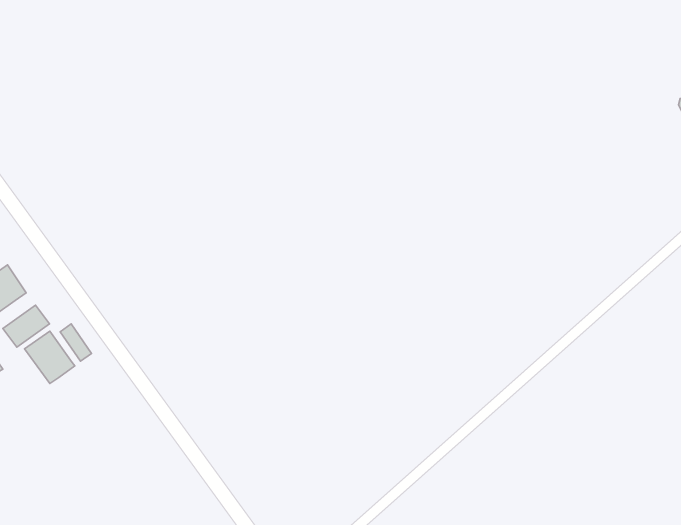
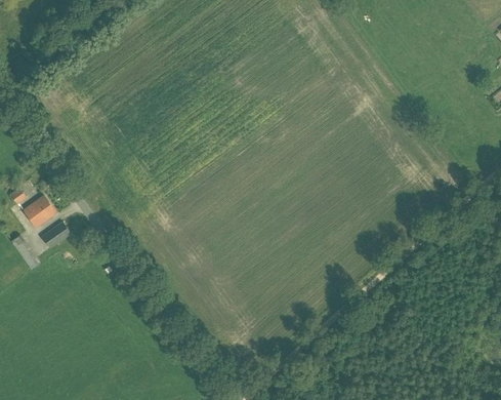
building: [24,331,75,383] -> none

